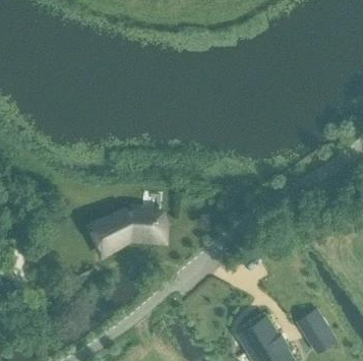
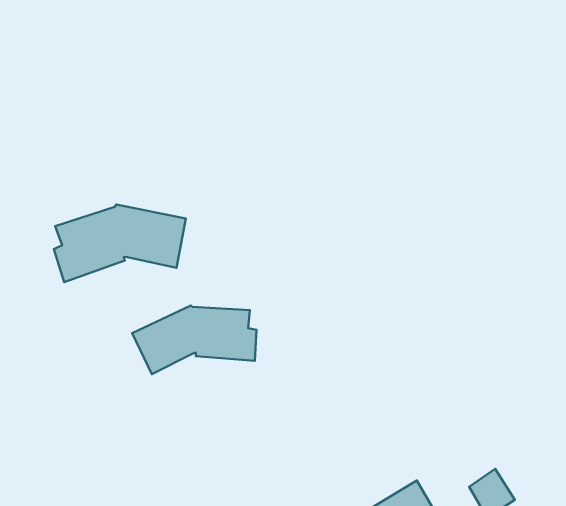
building: none -> [54,205,186,282]

